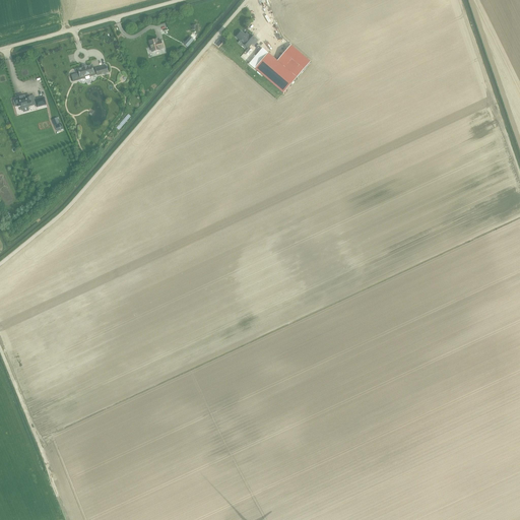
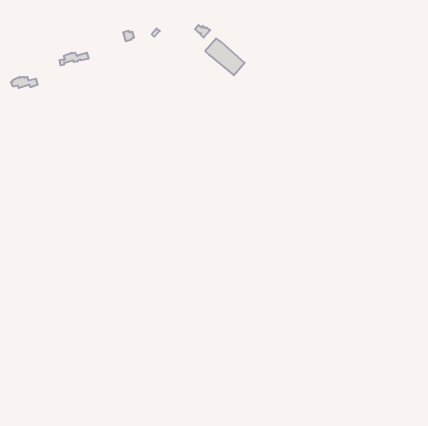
building: [277,44,310,75] -> none

